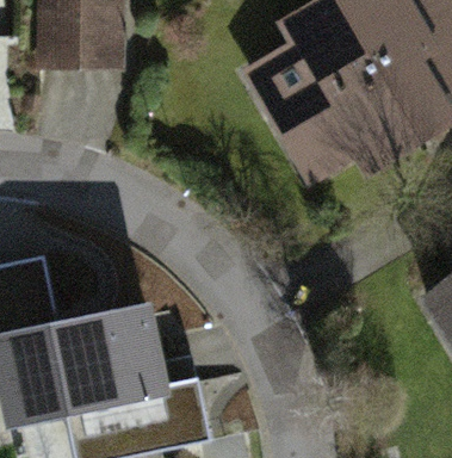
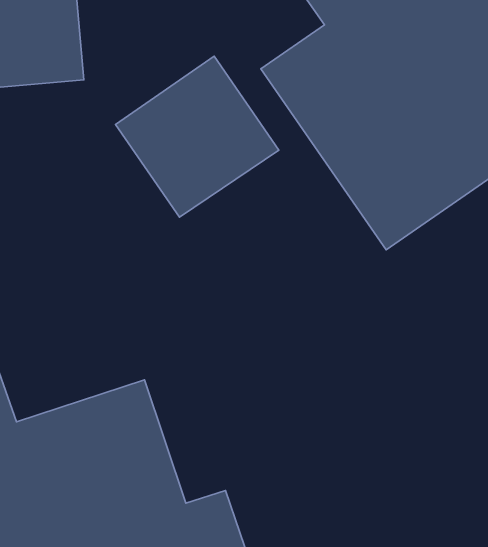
building: none -> [116,56,279,217]

